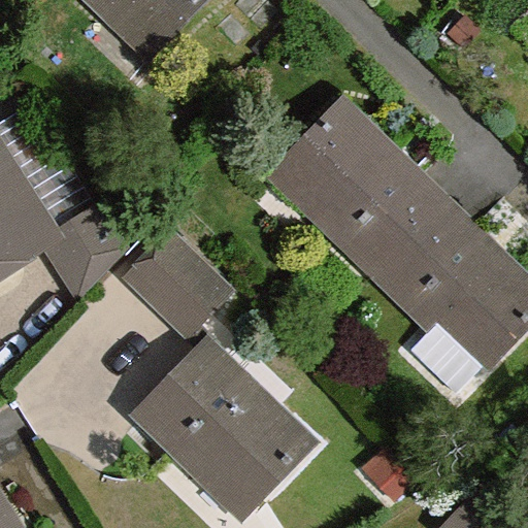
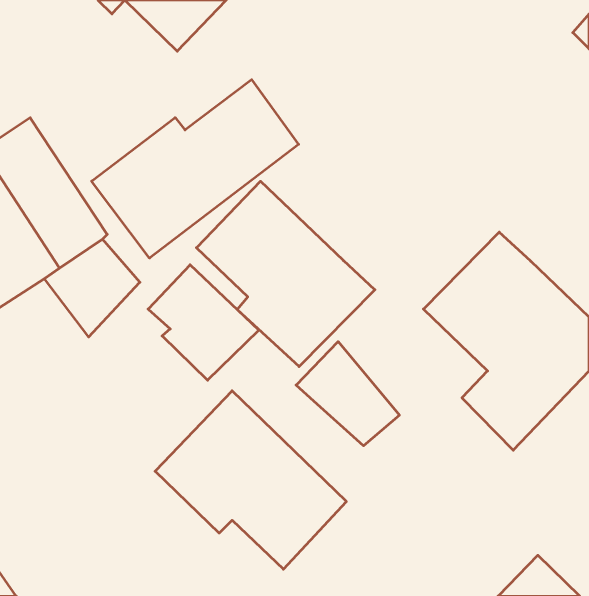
building: none -> [92,80,299,258]
building: [284,109,441,273] -> [196,181,375,367]
building: none -> [296,342,399,446]

